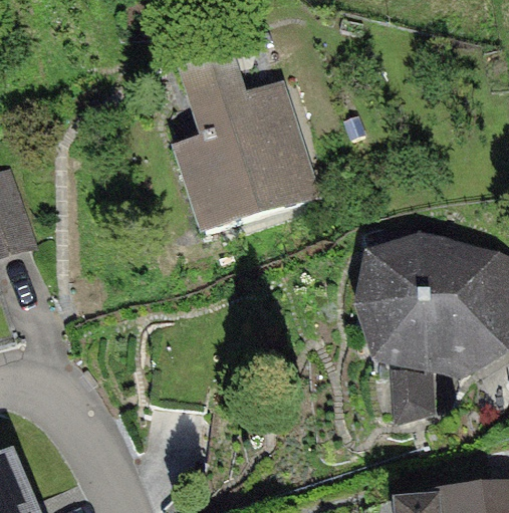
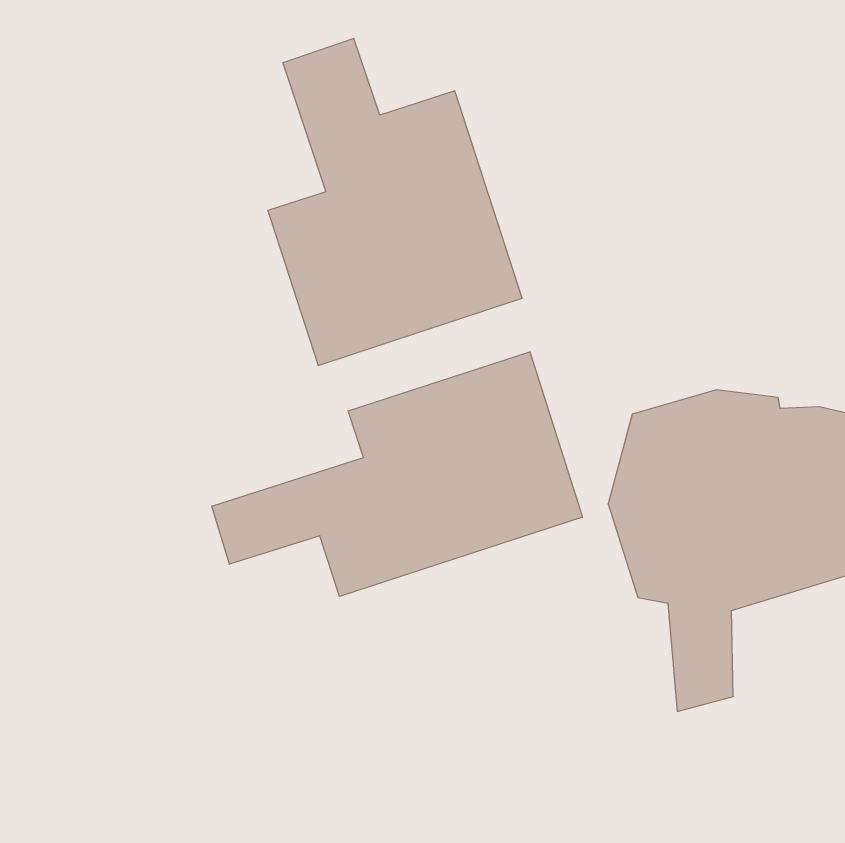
building: none -> [212,352,582,596]

